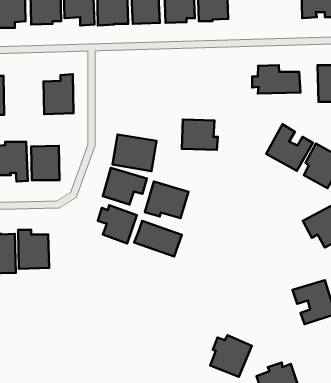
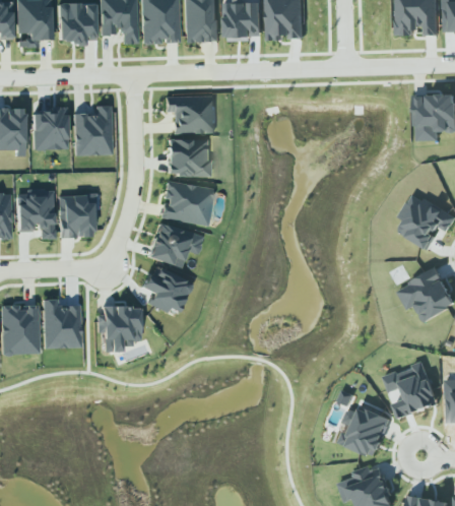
building: [252,65,300,93] -> none
building: none -> [165,96,214,133]
building: none -> [31,106,66,149]
building: [182,120,218,150] -> [166,138,210,176]
building: [266,124,313,171] -> none
building: [145,182,188,218] -> none
building: [134,221,182,257] -> none
building: none -> [95,306,140,352]
building: [210,335,252,377] -> [339,404,391,456]

